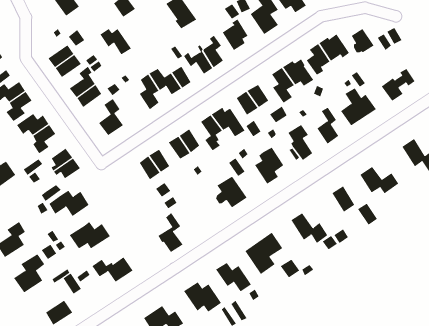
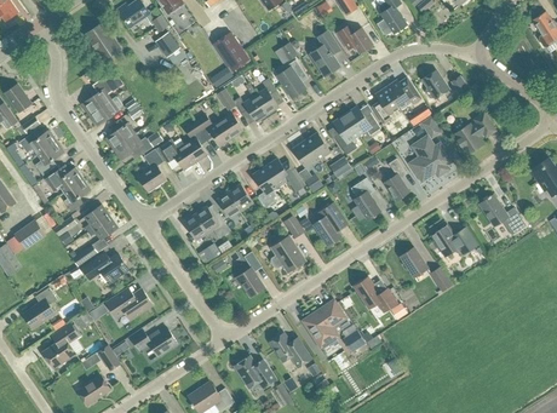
building: [99,28,132,55] -> [160,139,196,170]
building: [158,212,183,253] -> [236,251,265,297]

